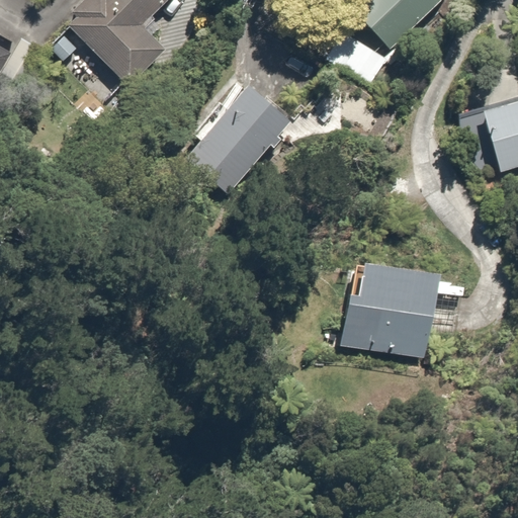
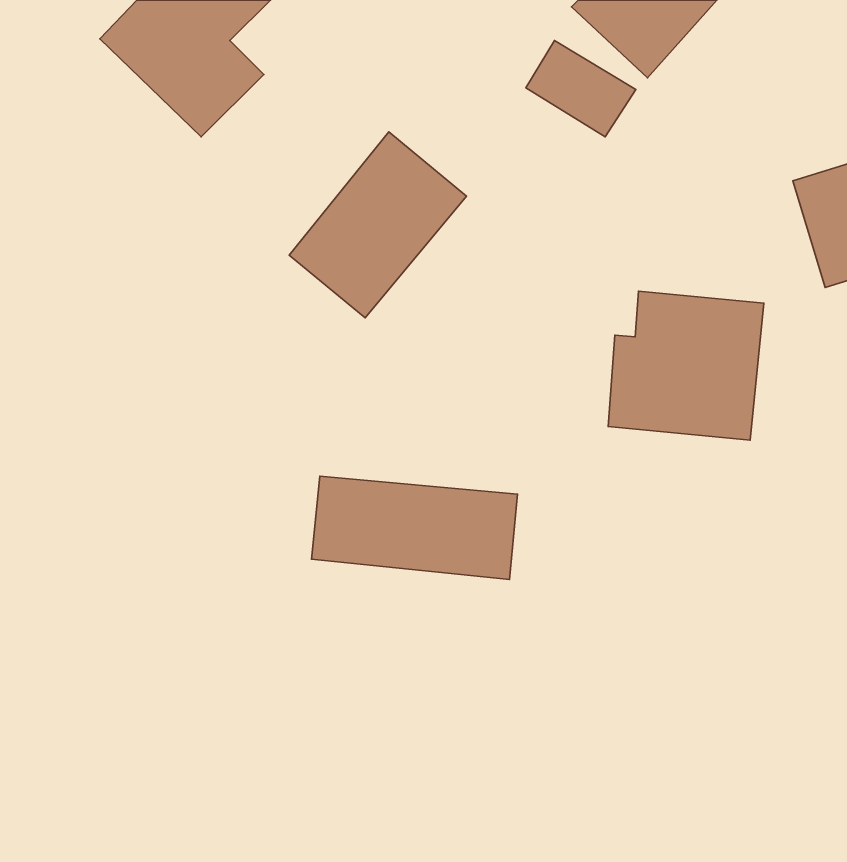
building: [342,266,435,355] -> [608,291,764,440]
building: none -> [312,476,518,580]

